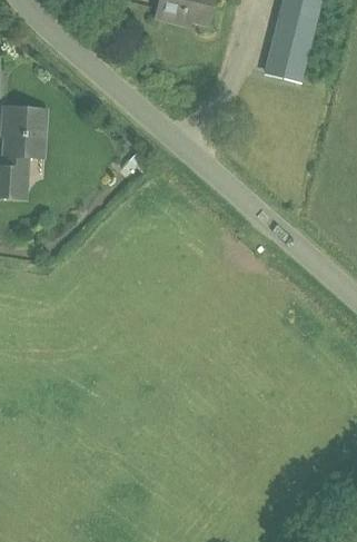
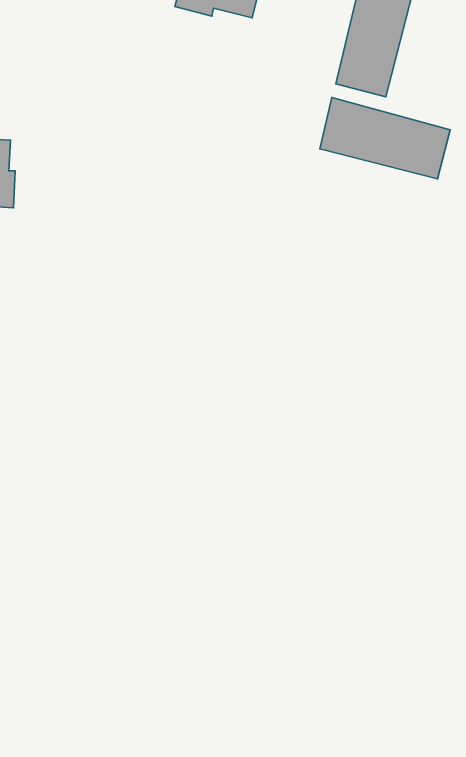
building: none -> [320,97,450,179]

